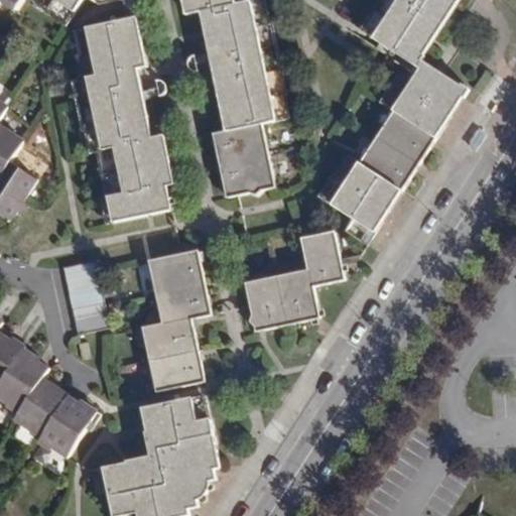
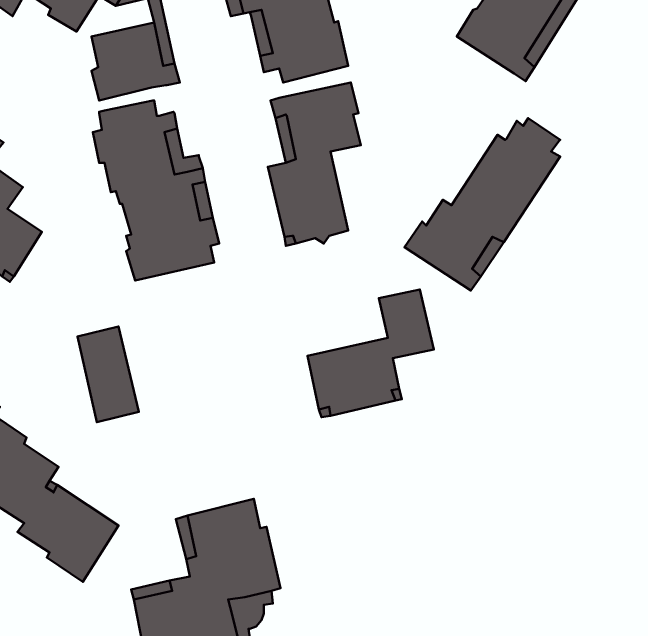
building: [209,52,277,80] -> none
building: [381,58,463,124] -> none
building: [69,68,137,105] -> none
building: [143,249,209,390] -> none

